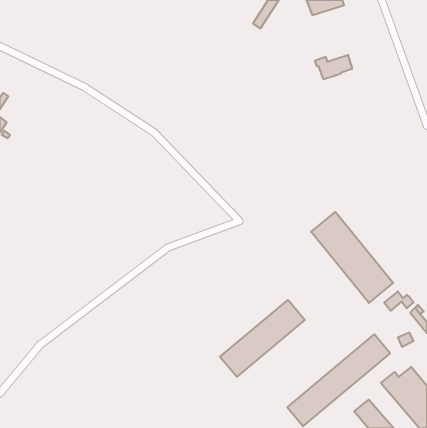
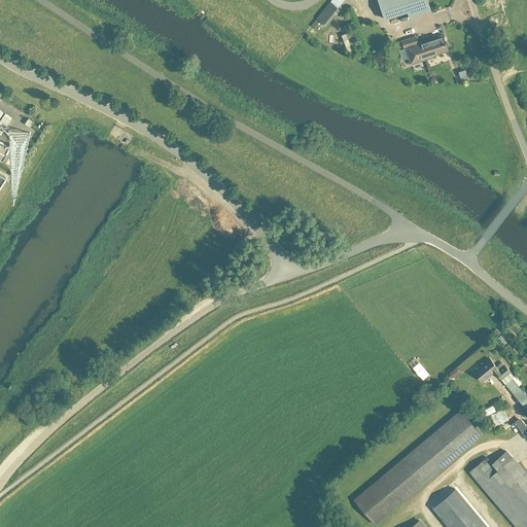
building: [315,55,352,79] -> [400,34,447,64]
building: [311,212,393,303] -> none
building: [220,300,305,377] -> none

